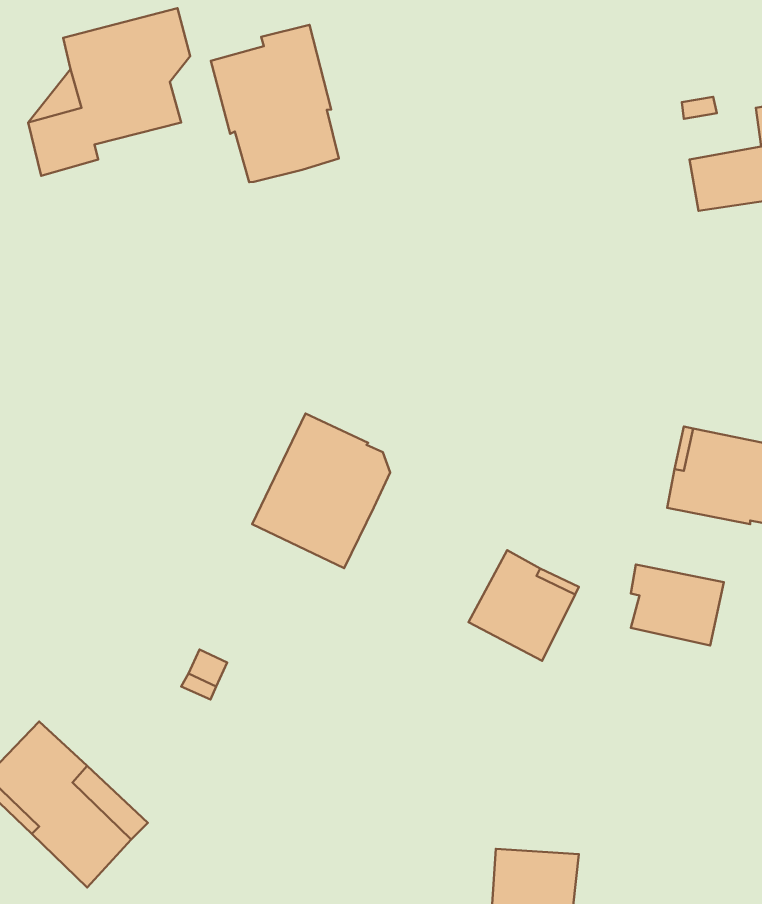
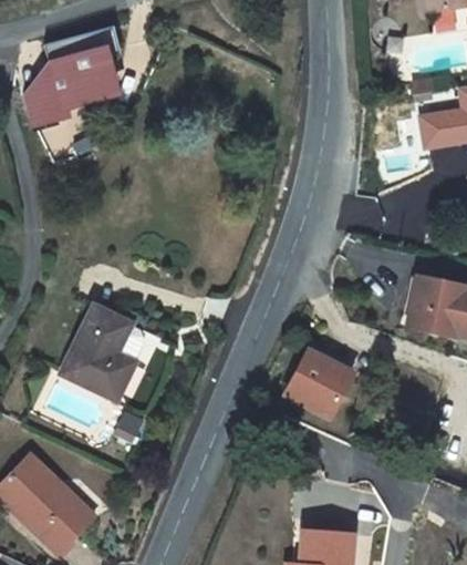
building: [211,25,339,182] -> none
building: [252,413,390,568] -> [61,306,144,399]
building: [631,565,724,645] -> none

